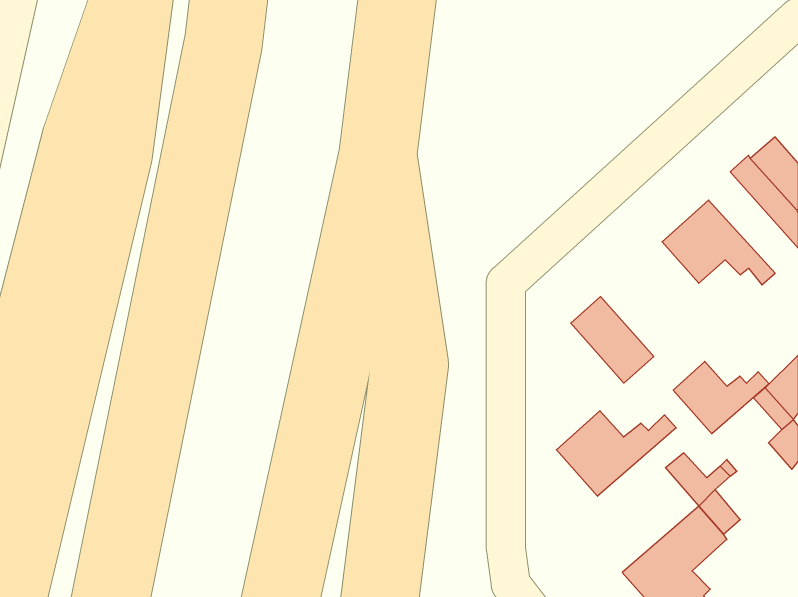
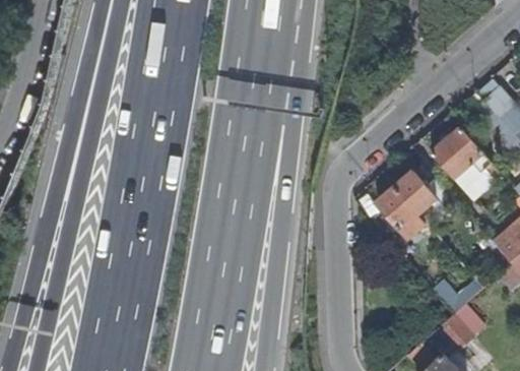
building: none -> [396,171,438,213]
building: [673,361,769,434] -> none
building: [556,411,676,496] -> none

